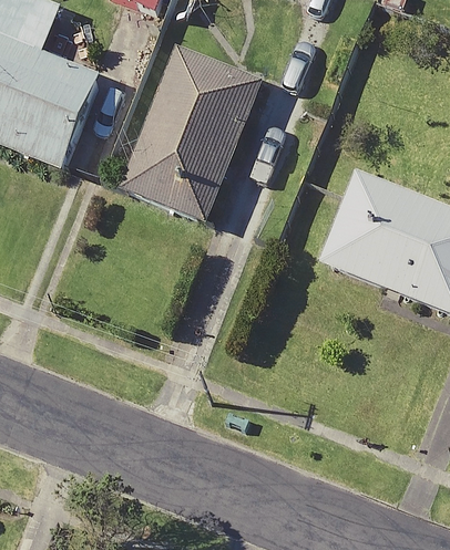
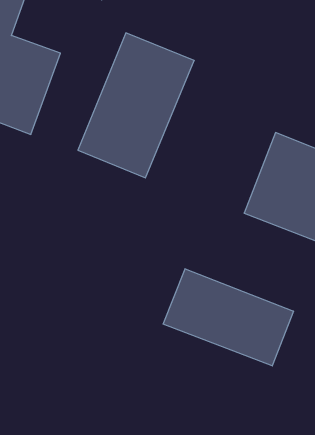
building: none -> [163,269,293,366]

